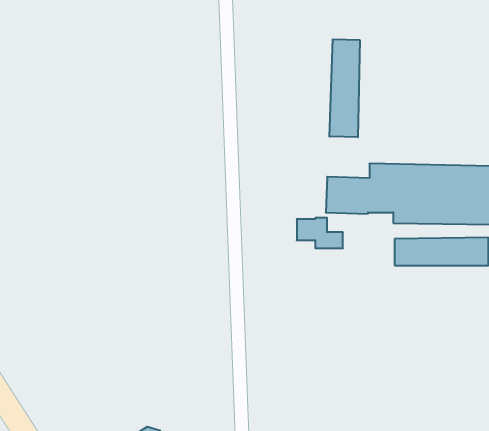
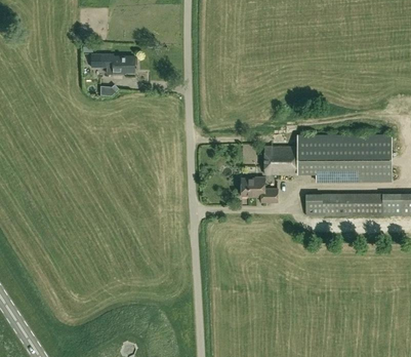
building: [329,39,360,137] -> none
building: none -> [90,53,135,73]

